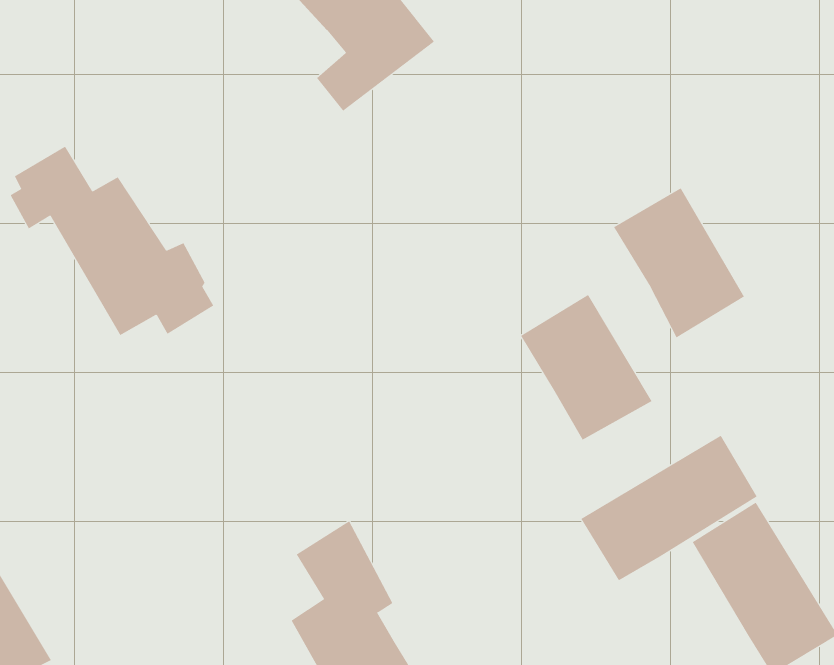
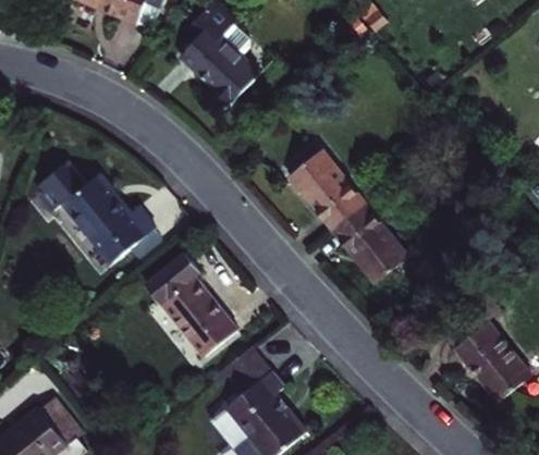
building: [613,188,745,338] -> [286,147,365,231]
building: none -> [146,256,235,357]
building: [581,435,757,581] -> none

